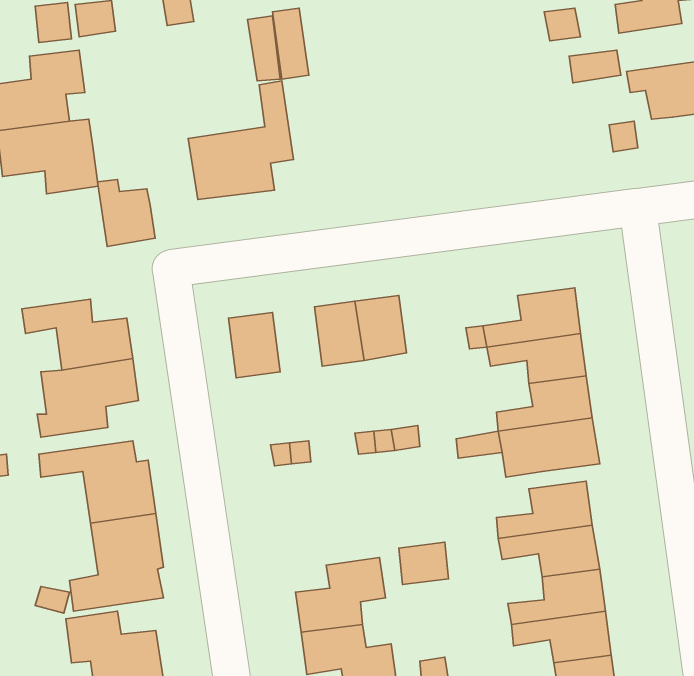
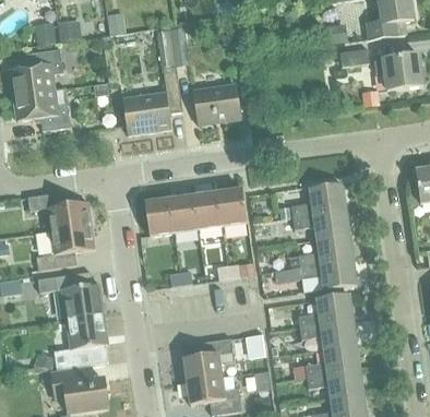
building: none -> [193,84,241,123]
building: [98,180,155,247] -> none
building: none -> [170,194,199,231]

